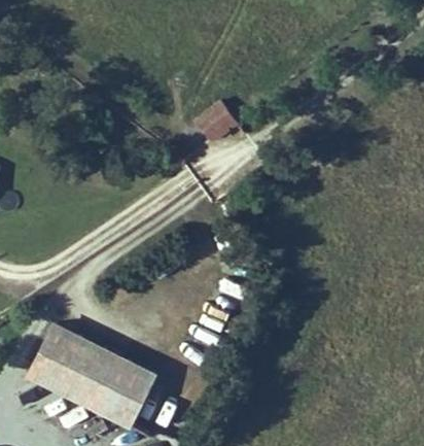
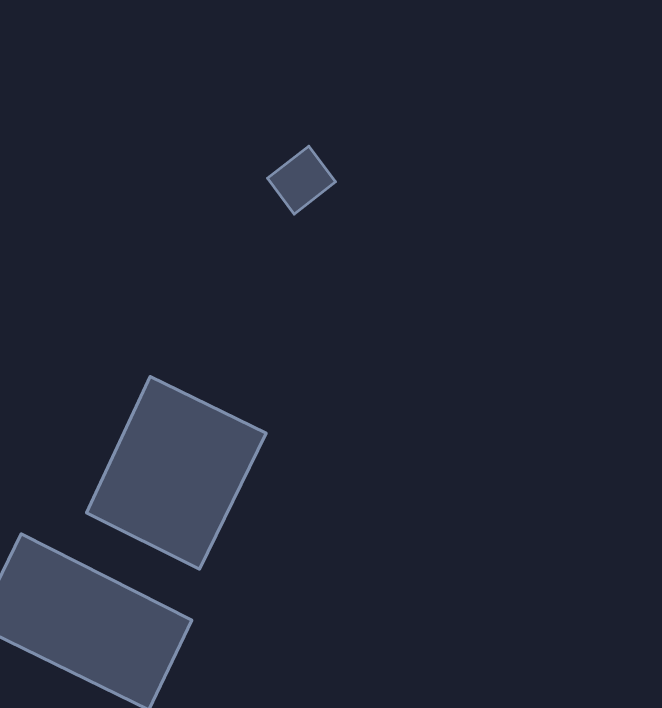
building: none -> [86,376,266,569]

